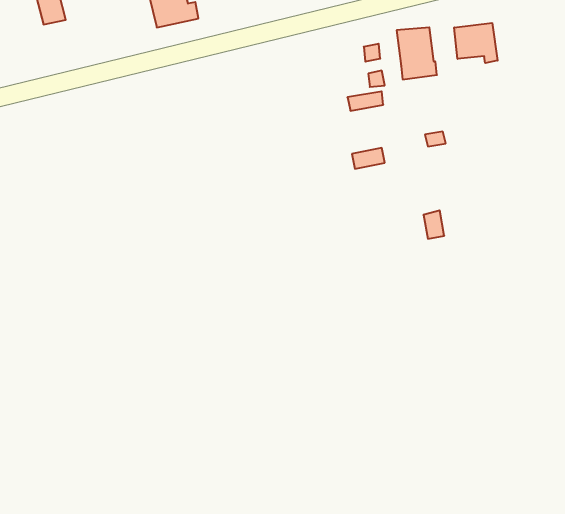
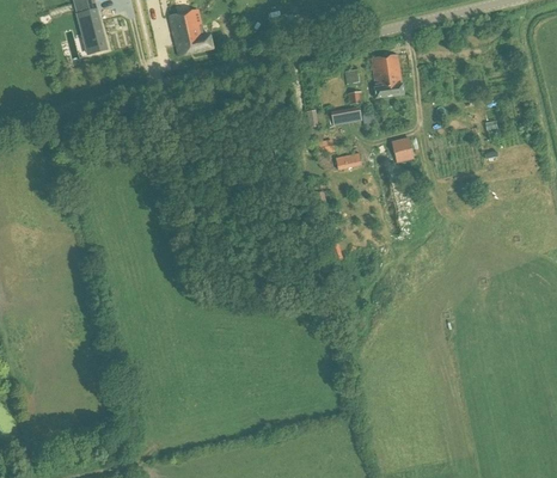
building: [454,23,498,63] -> none

